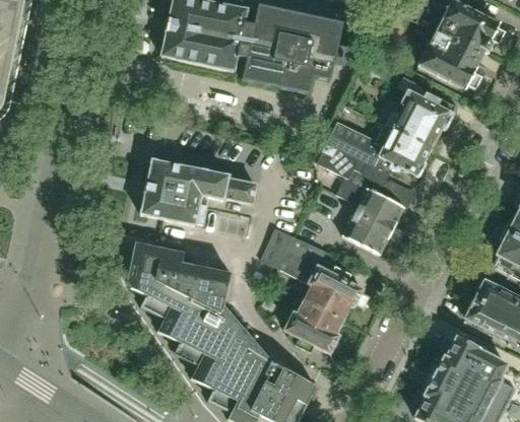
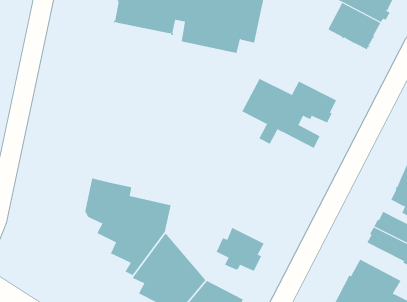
building: [383,77,454,148] -> none
building: [141,160,257,226] -> none
building: [342,188,402,254] -> none
building: [261,226,363,319] -> none

